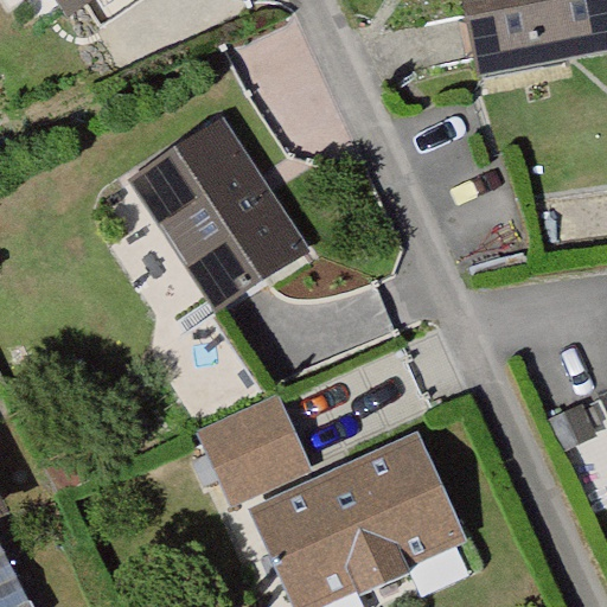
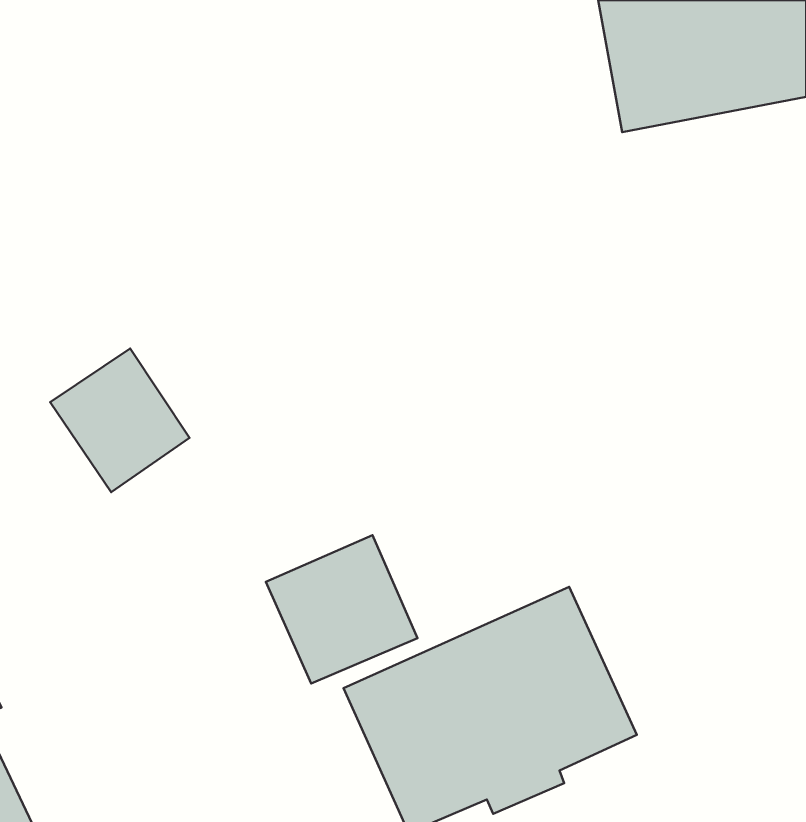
building: [129,109,311,306] -> none
building: none -> [50,348,190,492]

